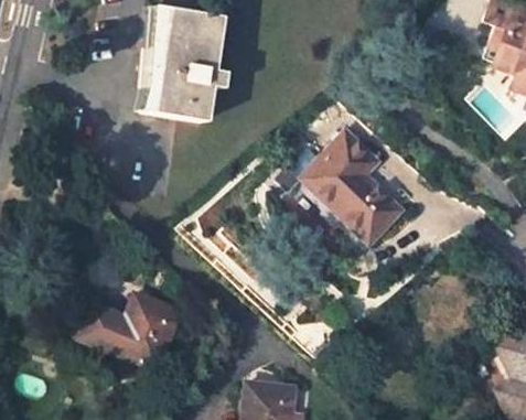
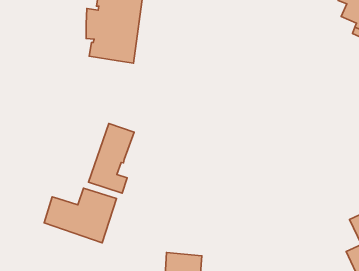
building: [305,128,402,236] -> none
building: none -> [88,124,134,193]

